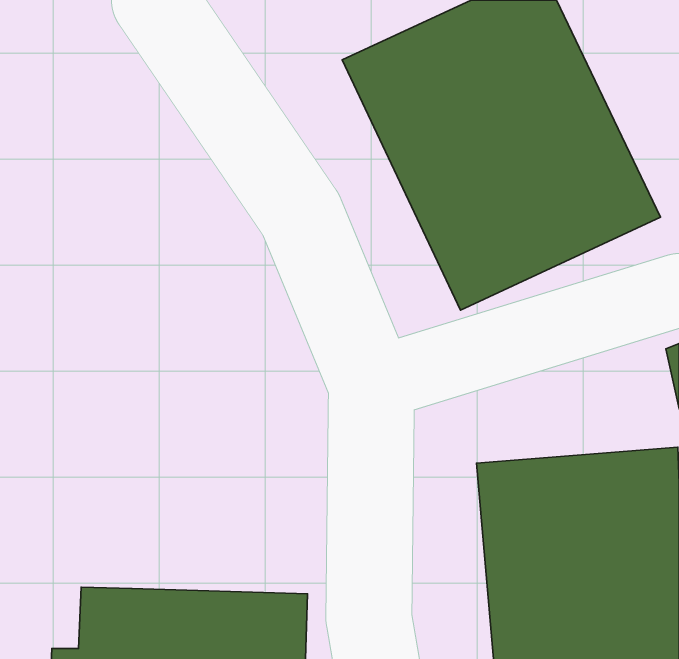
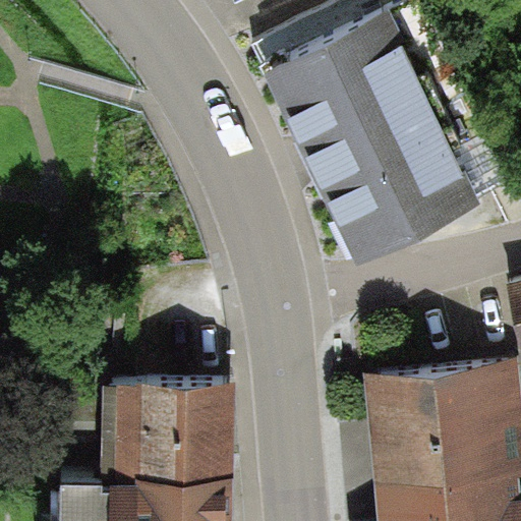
building: none -> [101,371,237,470]

